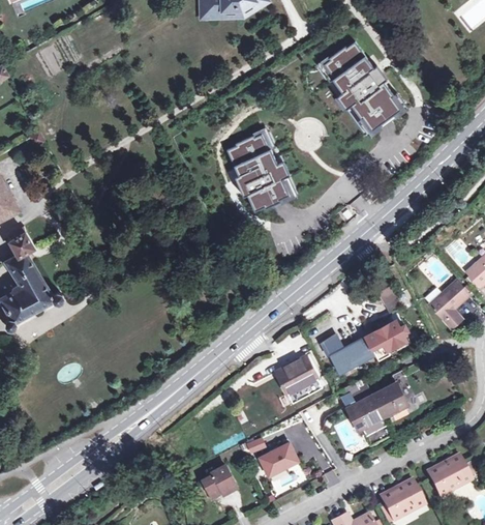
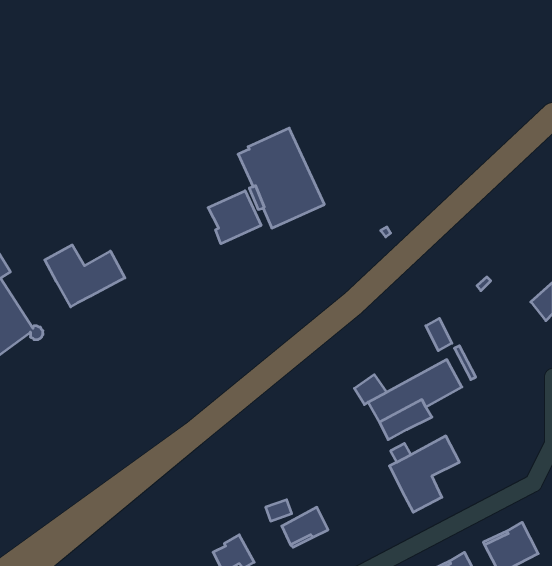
building: [315,40,401,136] -> none
building: none -> [208,191,261,244]
building: none -> [45,245,125,307]
building: [428,281,468,329] -> none
building: [274,354,319,393] -> none

